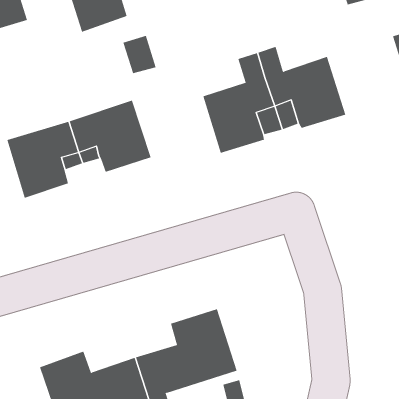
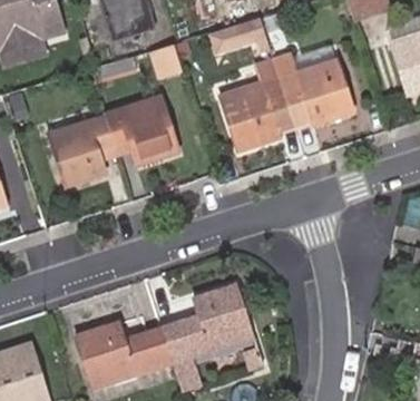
building: none -> [209,14,267,51]

